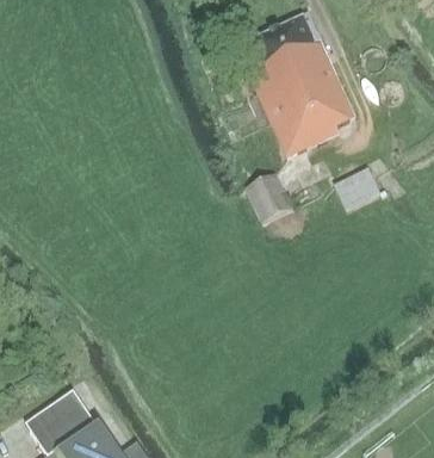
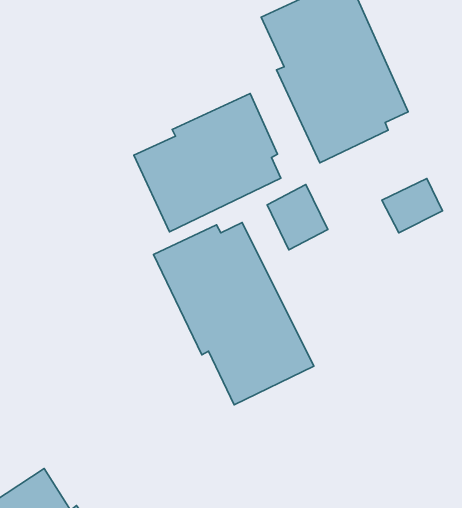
building: none -> [134,94,281,232]
building: none -> [153,222,314,405]

